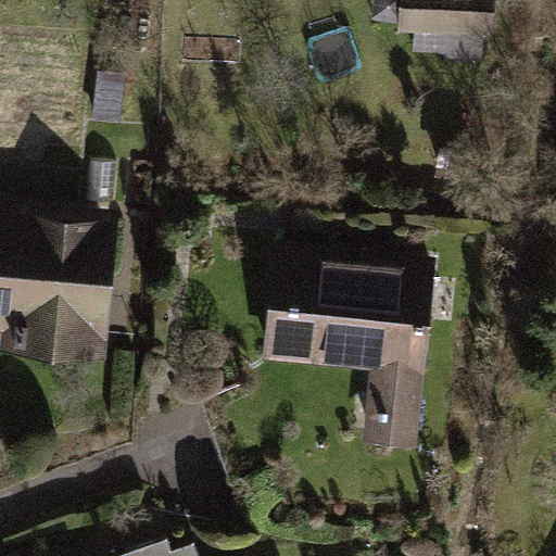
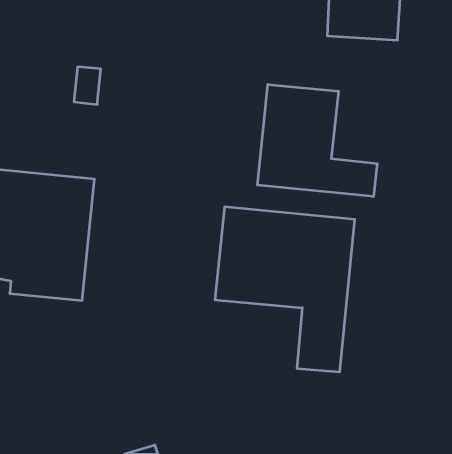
building: none -> [258,84,377,197]

